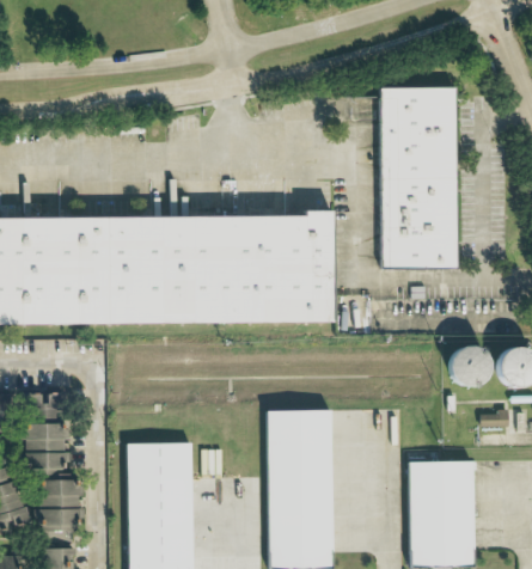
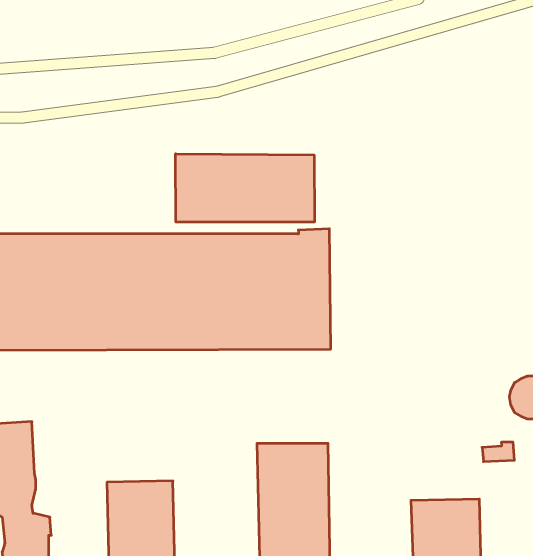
building: [380,88,457,268] -> none
building: none -> [176,154,314,222]
building: [452,347,493,386] -> none

